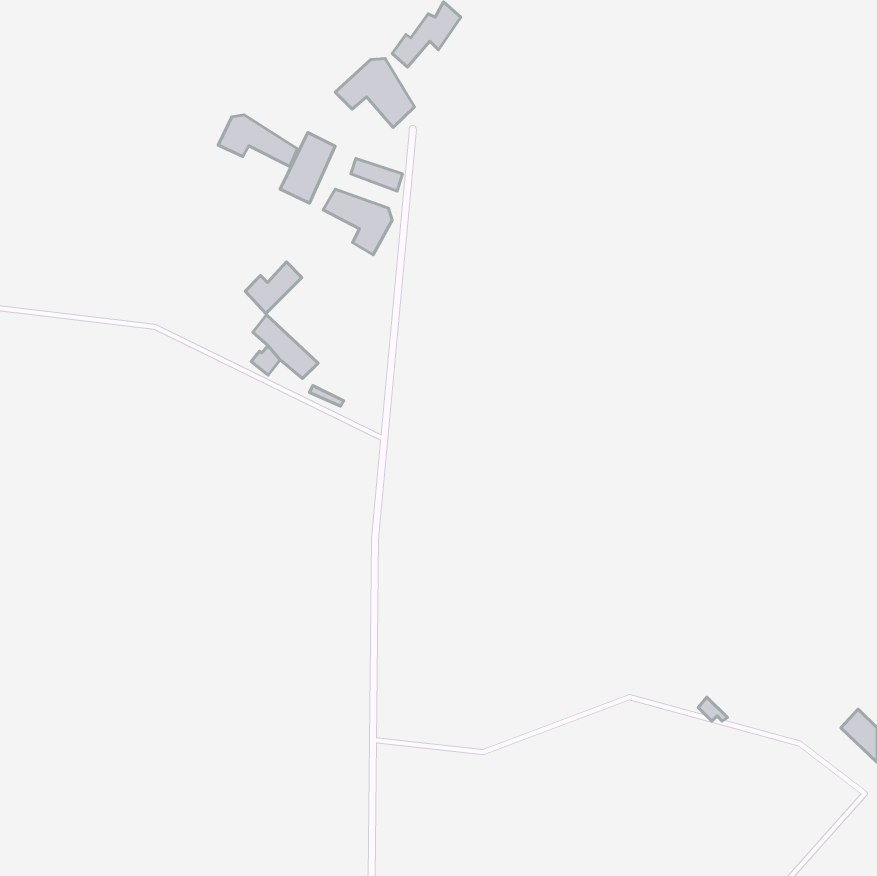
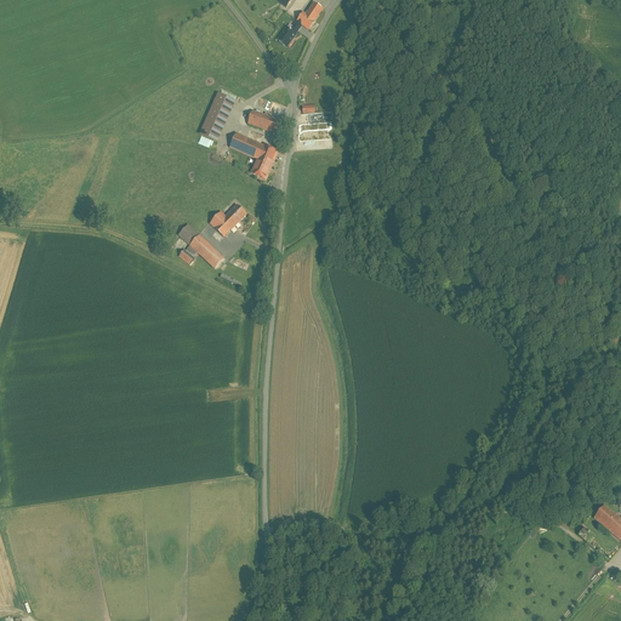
building: [335,58,414,127] -> none
building: [218,115,298,166] -> none
building: [245,262,302,314] -> [209,201,249,238]

